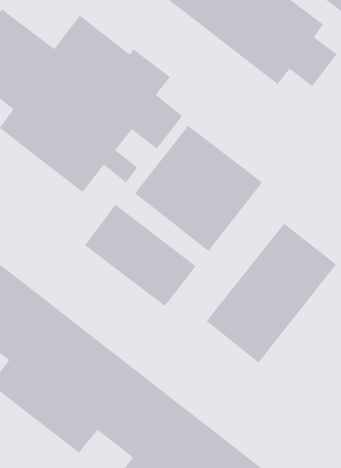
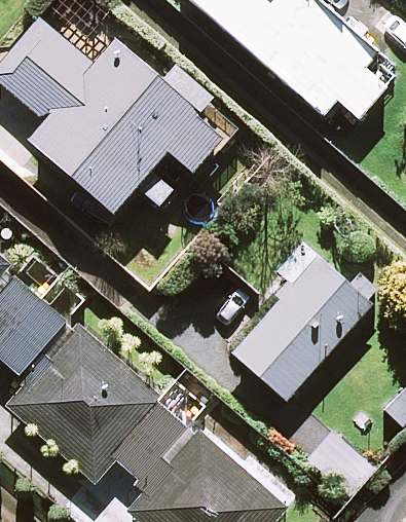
building: [134,125,263,252] -> none
building: [84,204,196,307] -> none

